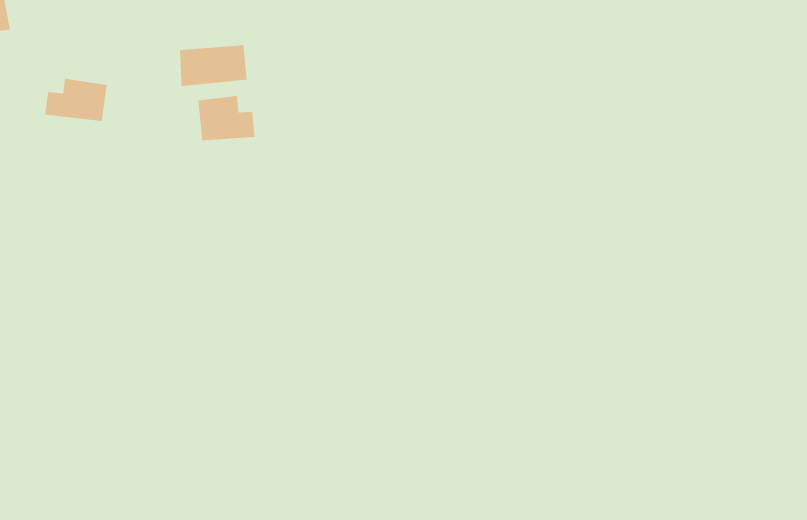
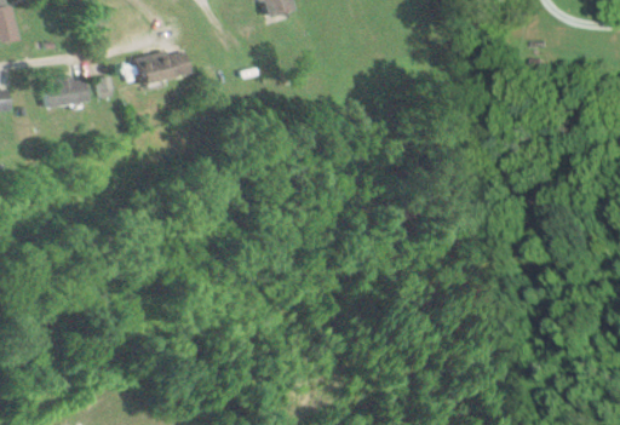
building: [198,95,255,141] -> none

